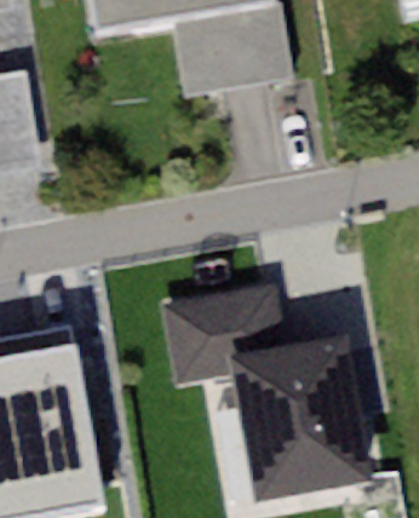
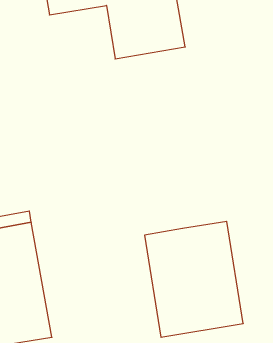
building: [161,288,285,372] -> none

